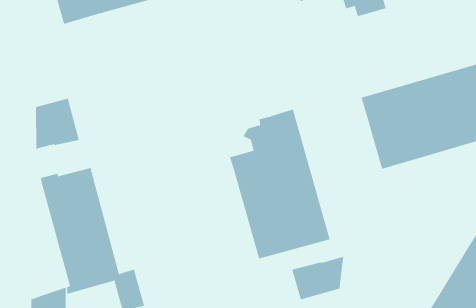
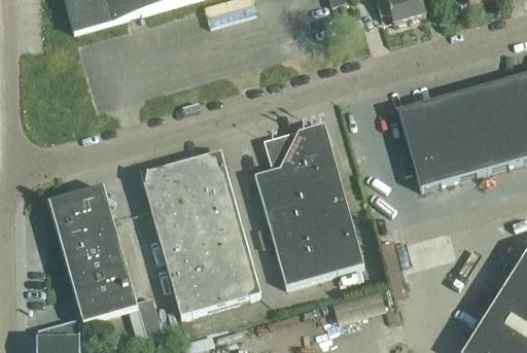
building: [36,98,79,150] -> none
building: none -> [141,151,260,316]
building: [292,256,344,300] -> none

